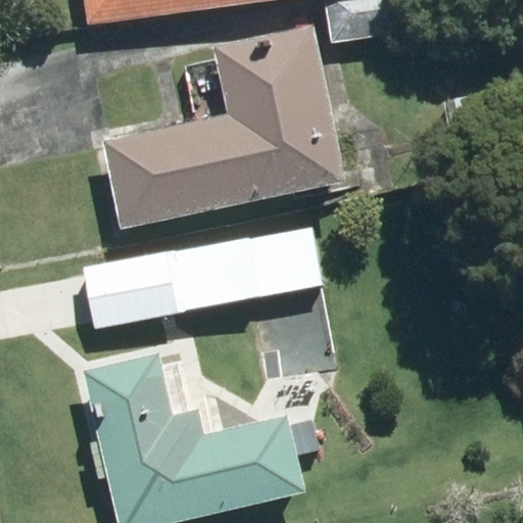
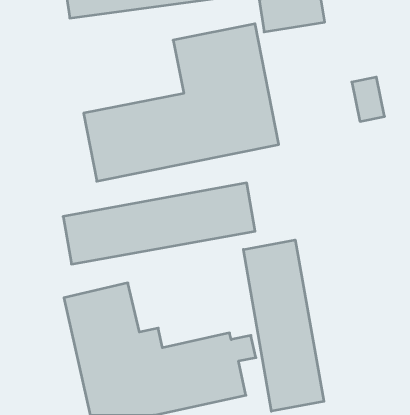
building: none -> [243,240,324,411]

